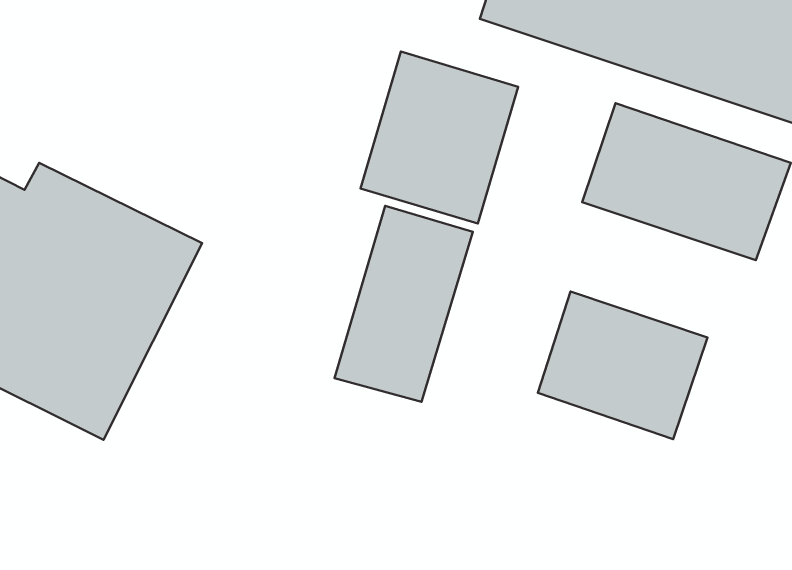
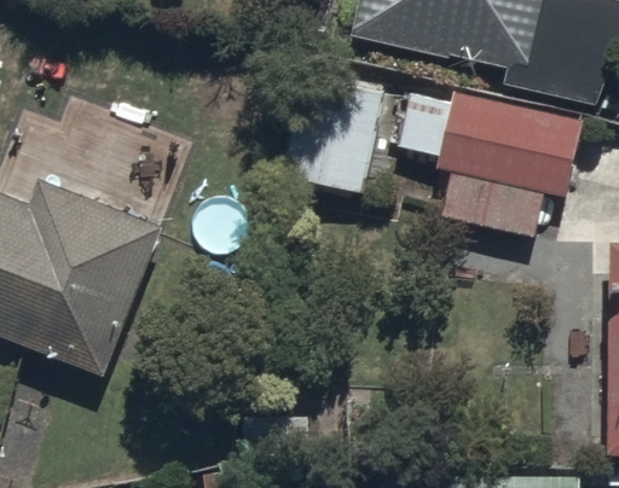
building: [334,206,473,402] -> none
building: [538,291,707,439] -> none

